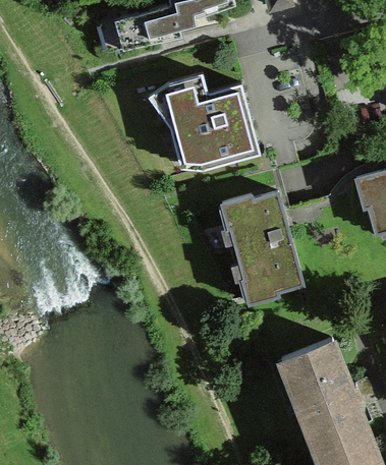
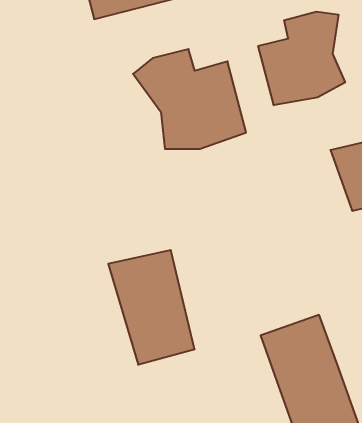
building: none -> [258,12,345,105]
building: [215,190,300,303] -> [108,250,195,365]

